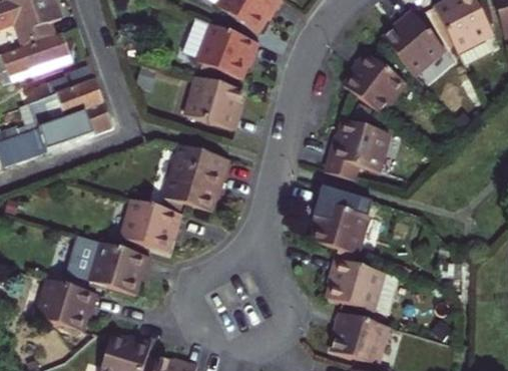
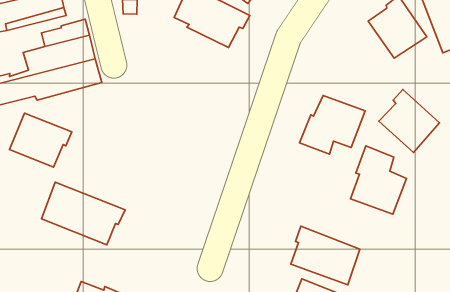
building: [343,50,406,114] -> [379,89,439,152]
building: [186,76,242,129] -> none
building: [163,143,229,212] -> none
building: [312,186,368,254] -> [351,146,407,214]
building: [119,198,182,251] -> [10,113,72,167]
building: [35,277,96,331] -> none

